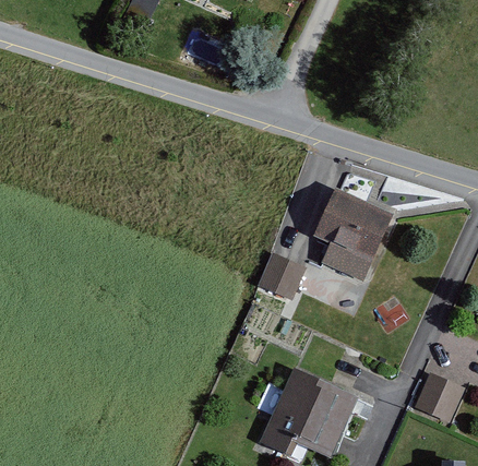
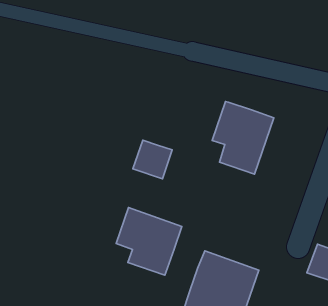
building: [255,251,306,300] -> [133,140,172,179]
building: none -> [116,208,182,275]

